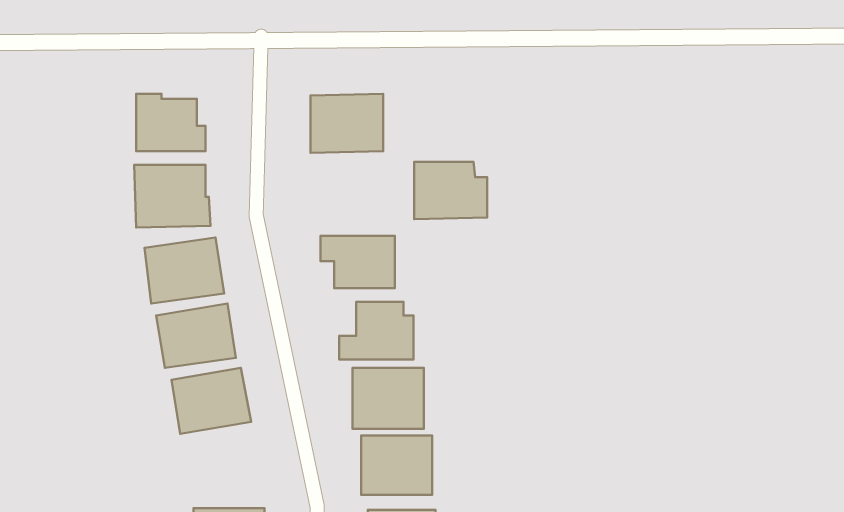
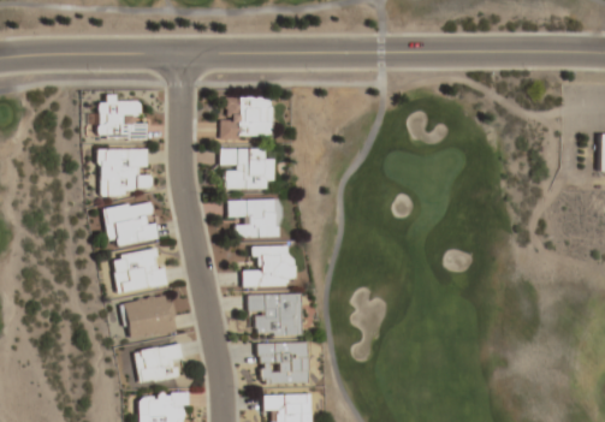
building: [414,162,487,219] -> [223,148,274,189]
building: none -> [135,343,185,381]

